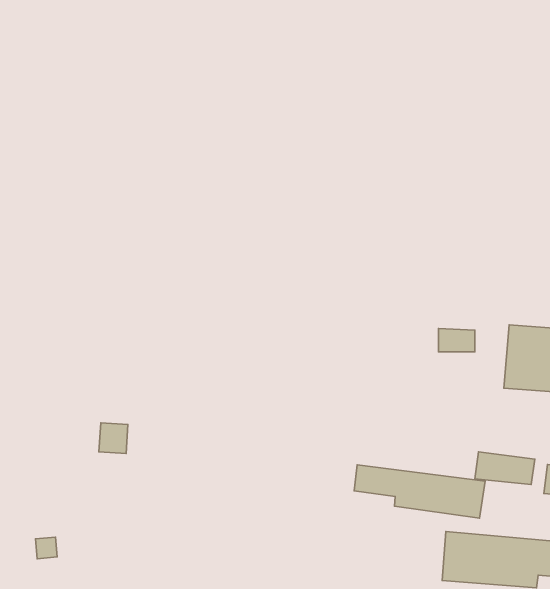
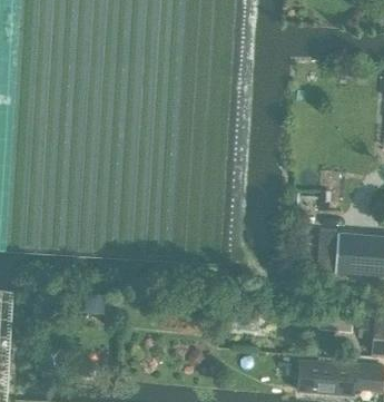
building: [354,465,485,518] -> none

